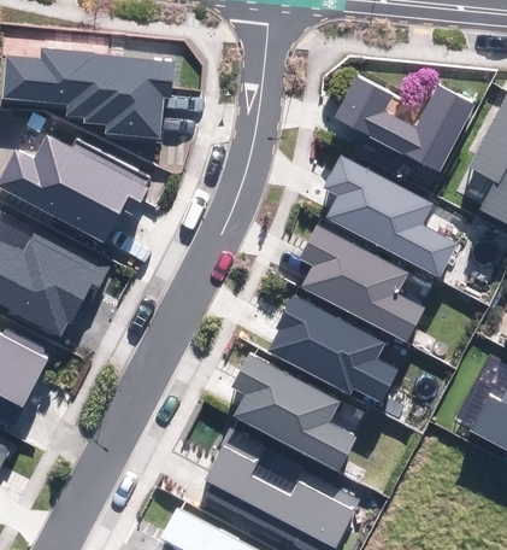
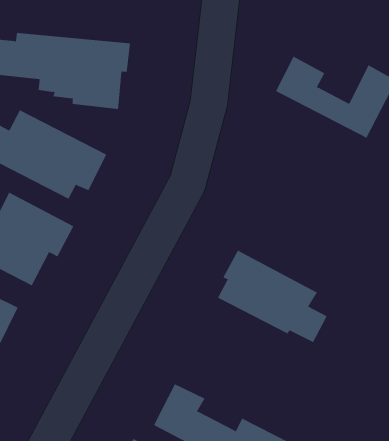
building: [325,156,455,276] -> none
building: [301,227,423,340] -> none
building: [234,356,353,469] -> none

